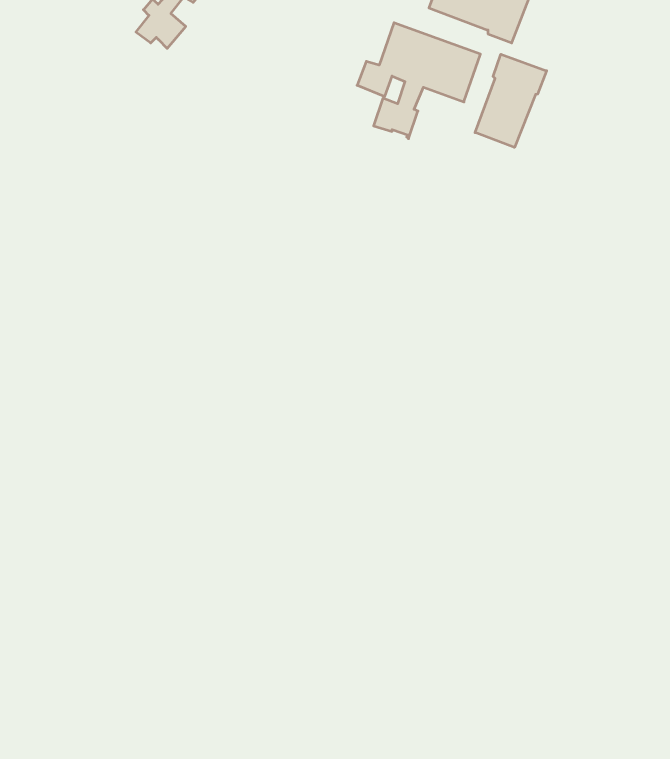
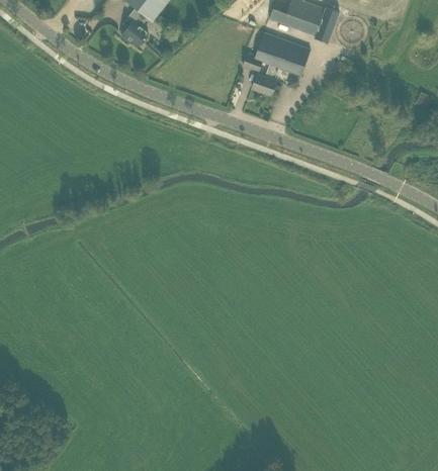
building: [475,54,547,147] -> none

